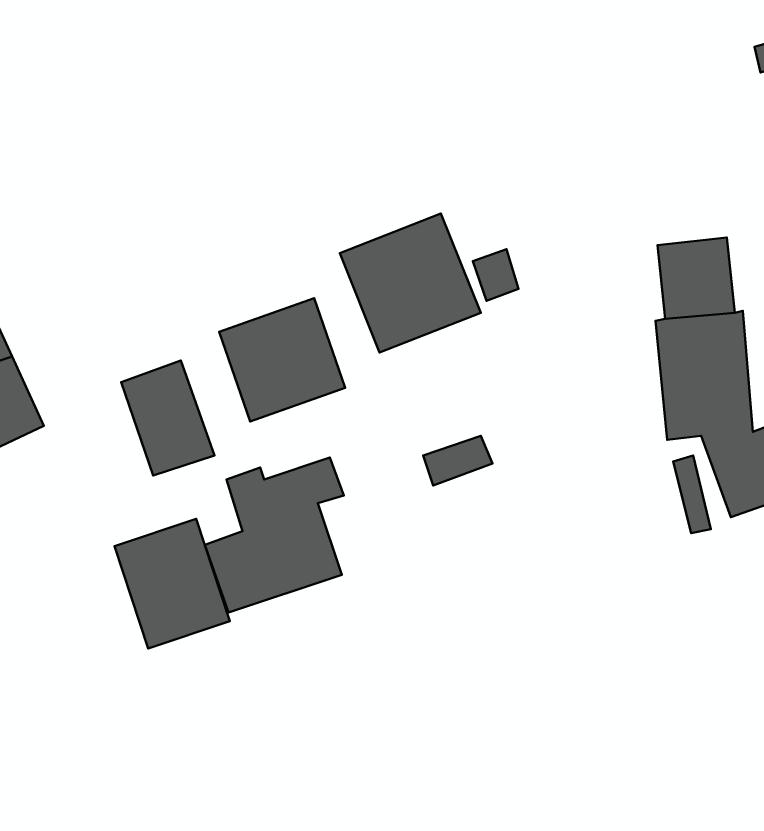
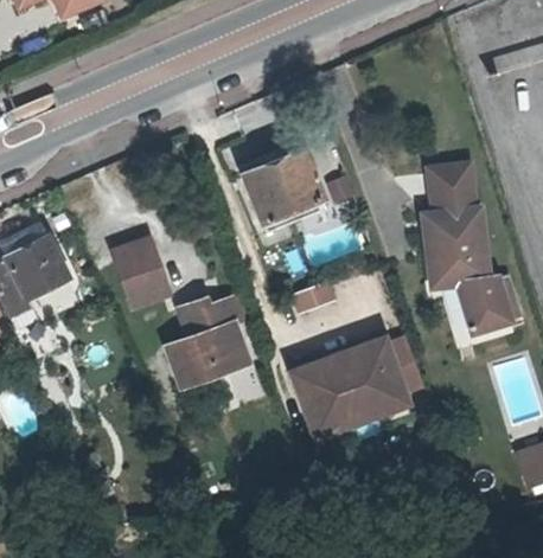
building: [219,298,345,422] -> none
building: [115,519,230,649] -> none
building: none -> [290,338,408,432]

